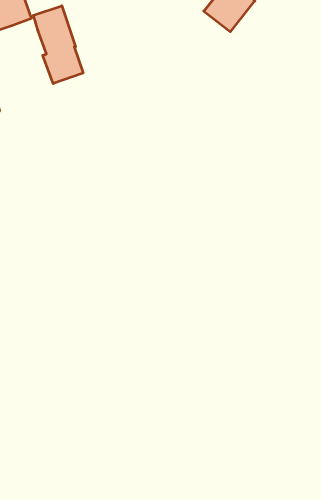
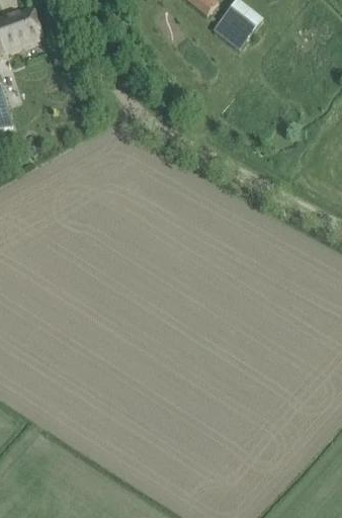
building: [33,6,83,84] -> none

